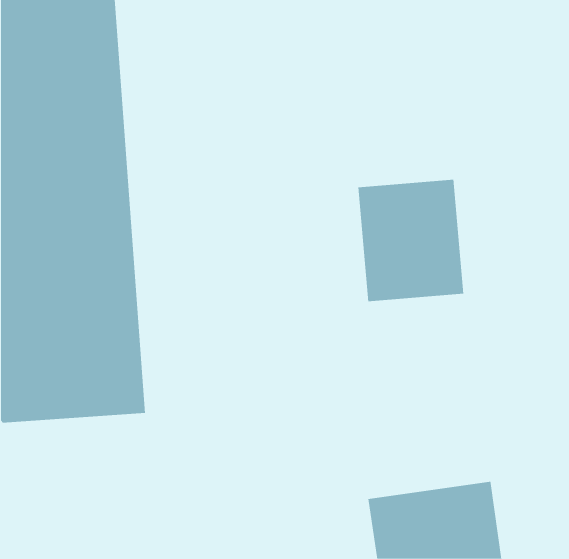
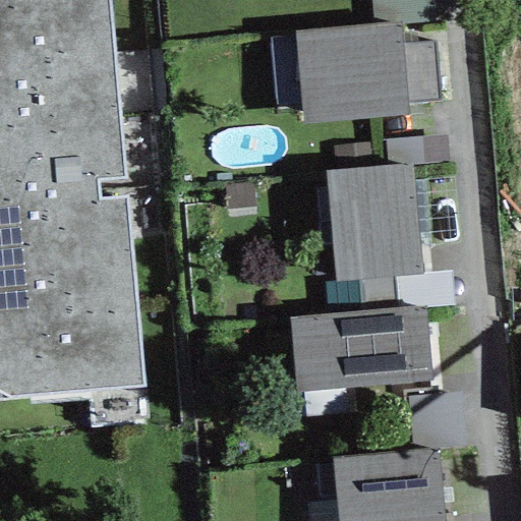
building: none -> [286,33,411,130]
building: none -> [299,309,446,395]

